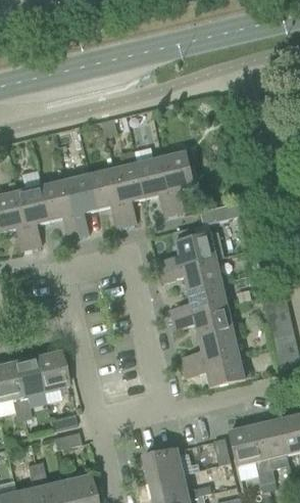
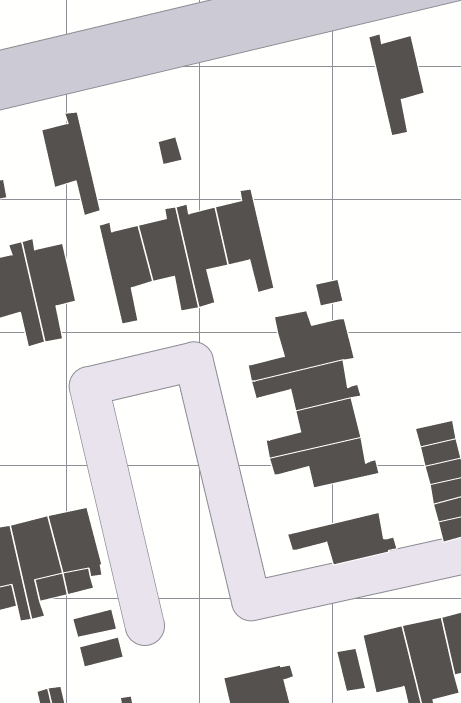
building: [160,150,195,214] -> [369,34,424,135]
building: [43,175,80,239] -> [41,112,100,215]
building: [181,329,242,367] -> none

